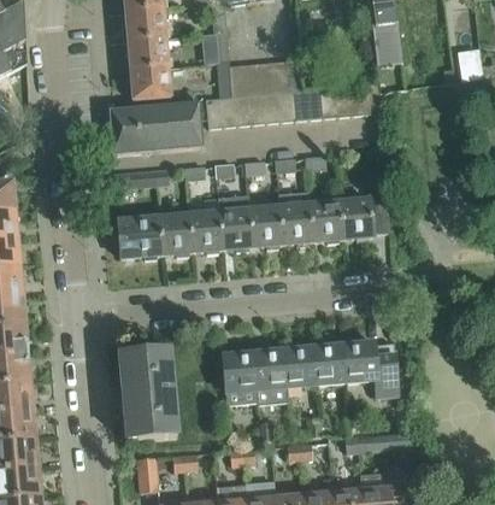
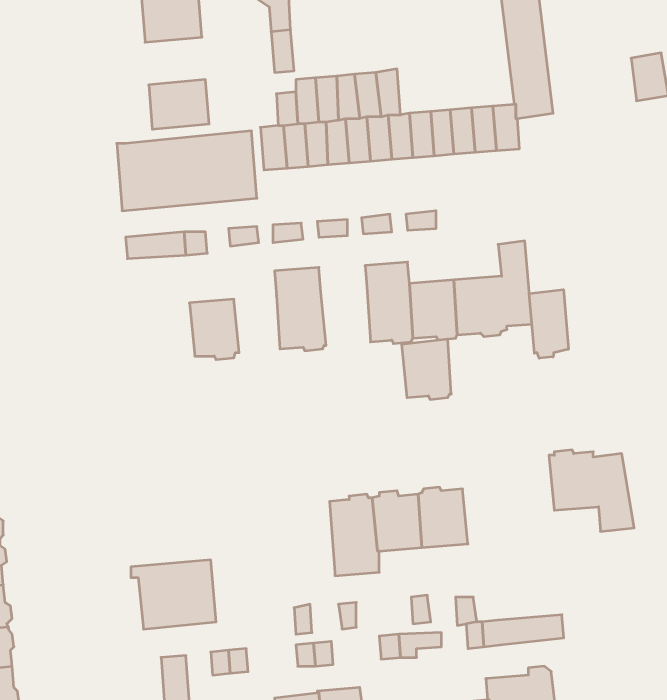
building: [128,37,169,70] -> none
building: [247,207,281,248] -> [402,339,451,399]
building: none -> [529,290,568,358]
building: [188,213,219,253] -> none
building: [117,218,161,259] -> none
building: [343,341,401,397] -> [549,450,634,531]
building: [117,351,172,398] -> none
building: [222,351,257,405] -> none

